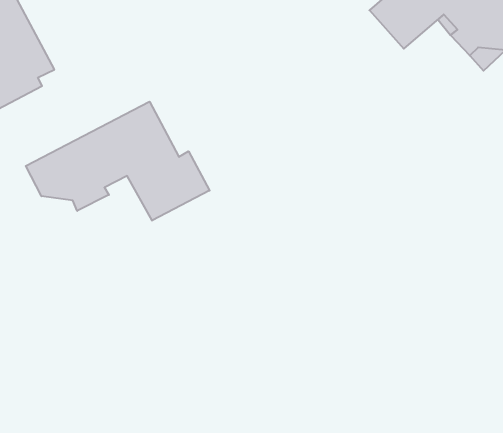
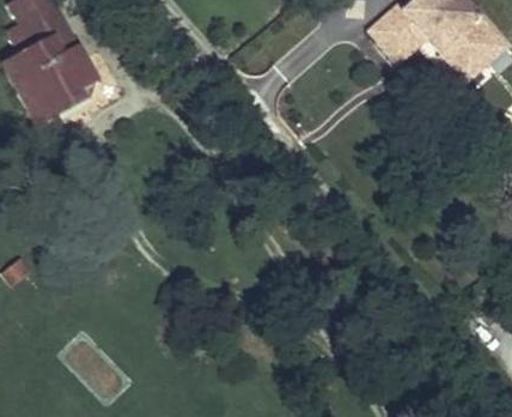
building: [26,102,210,221] -> none

